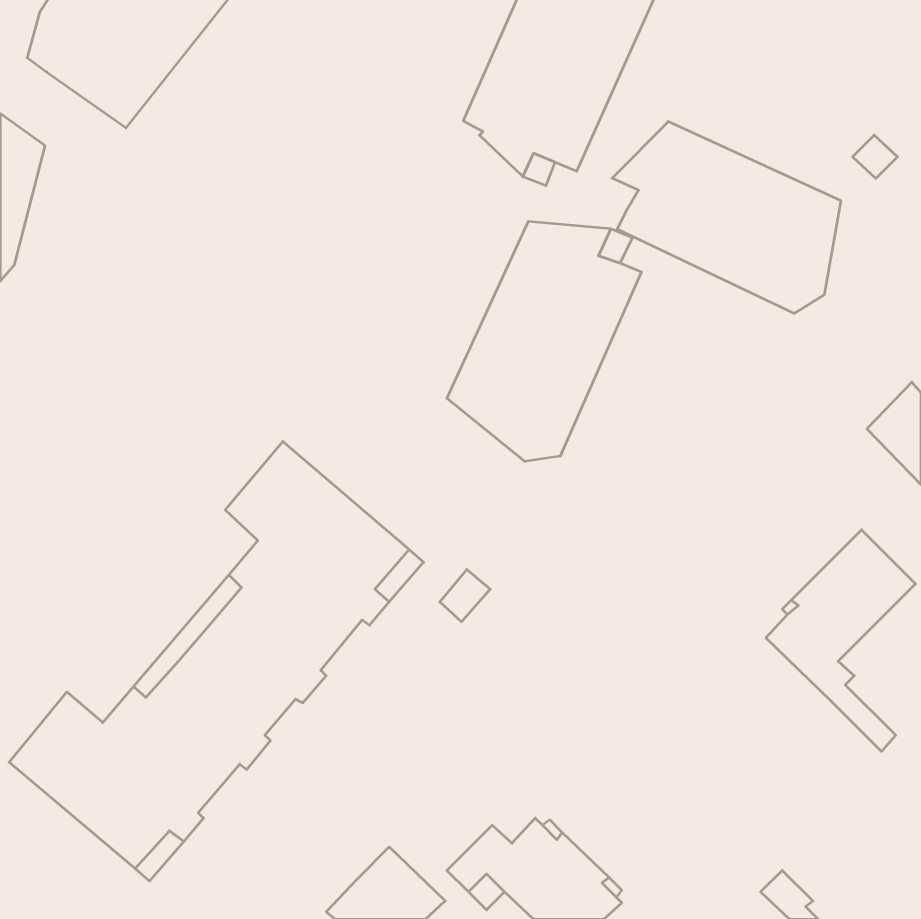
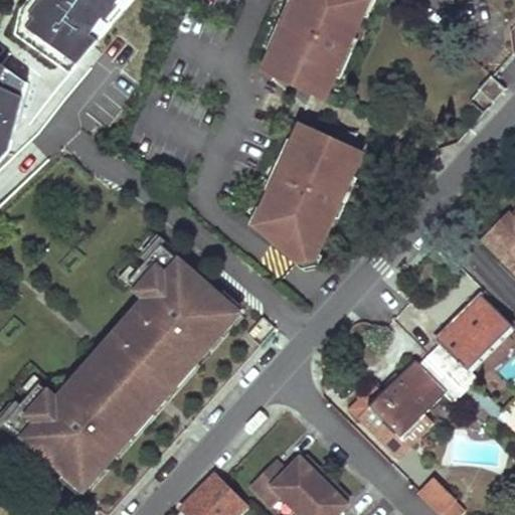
building: [612,121,841,313] -> none
building: none -> [349,356,464,457]

